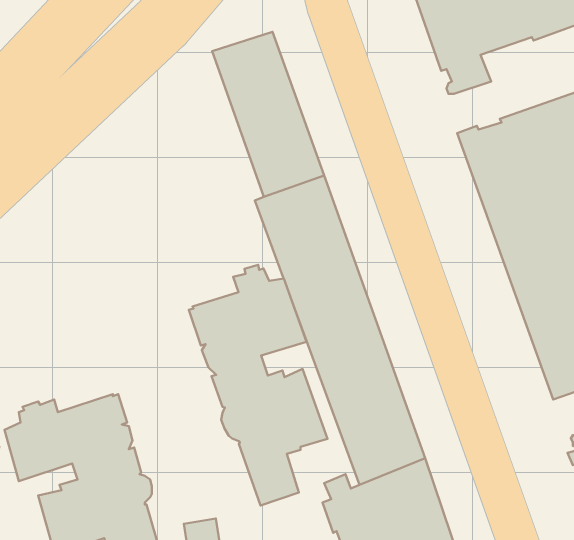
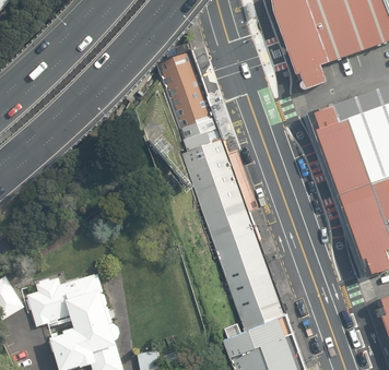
building: [189,265,327,505] -> none

